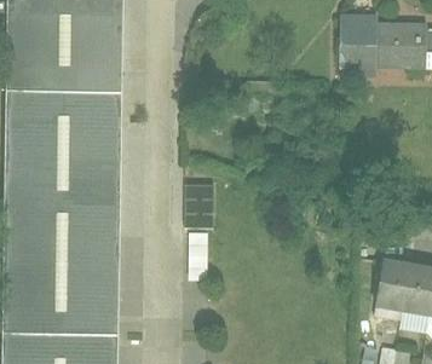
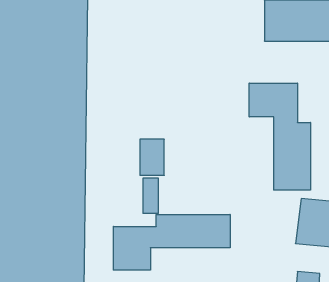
building: none -> [249,83,310,190]
building: none -> [113,214,230,270]

